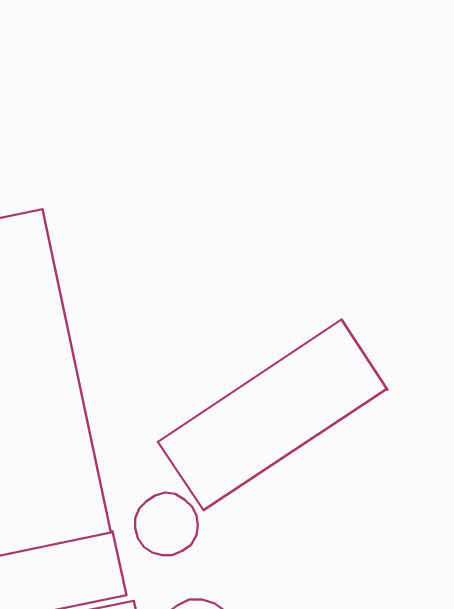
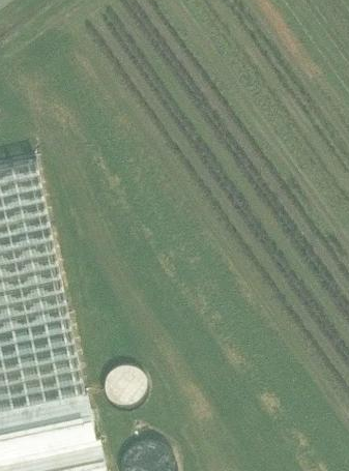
building: [158,319,388,510] -> none

